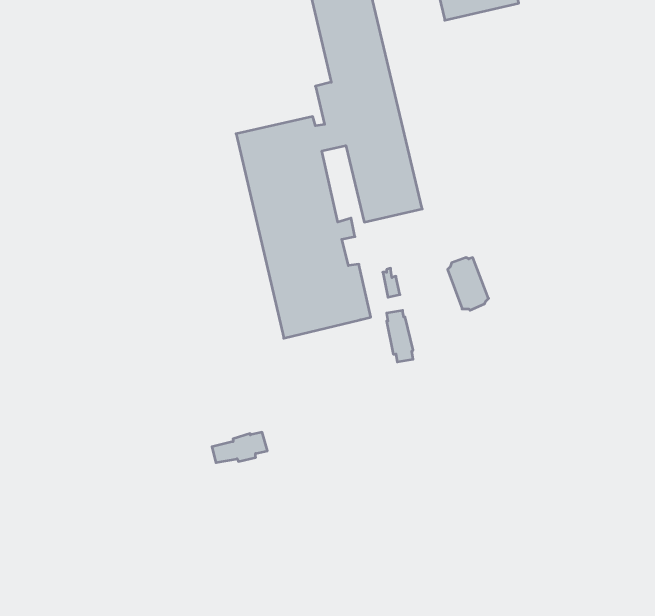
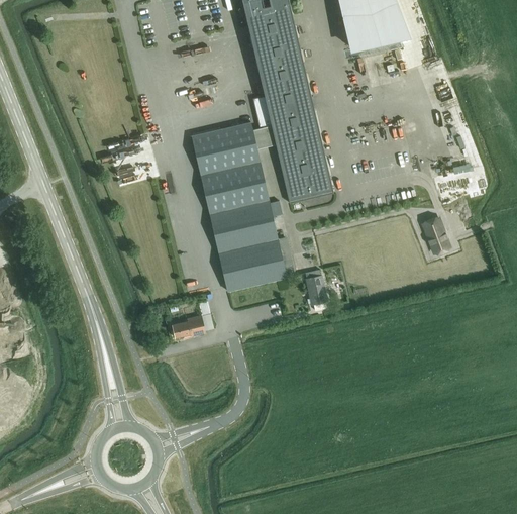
building: [448,258,489,310] -> [420,216,451,256]
building: [212,432,267,463] -> [171,314,213,337]

